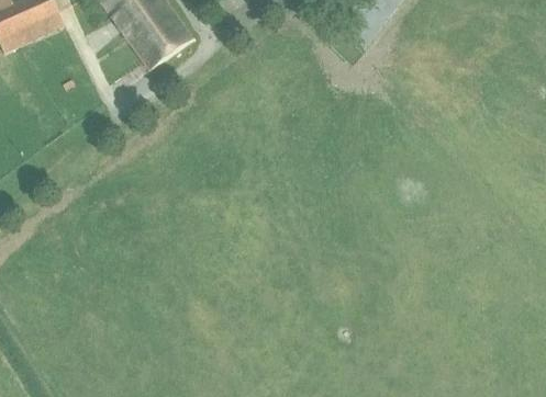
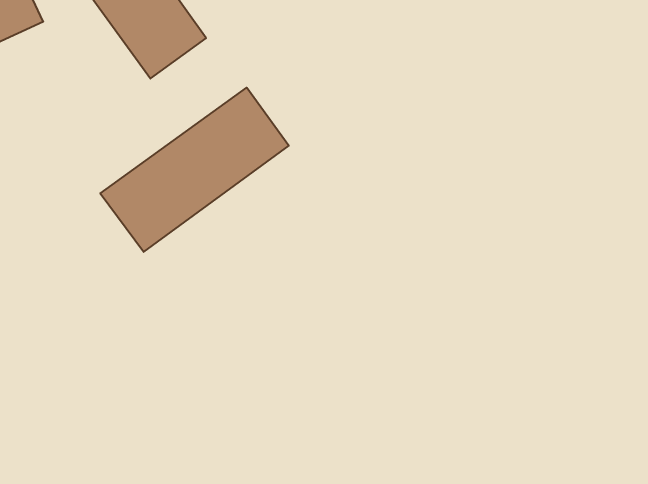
building: none -> [100,88,289,252]

